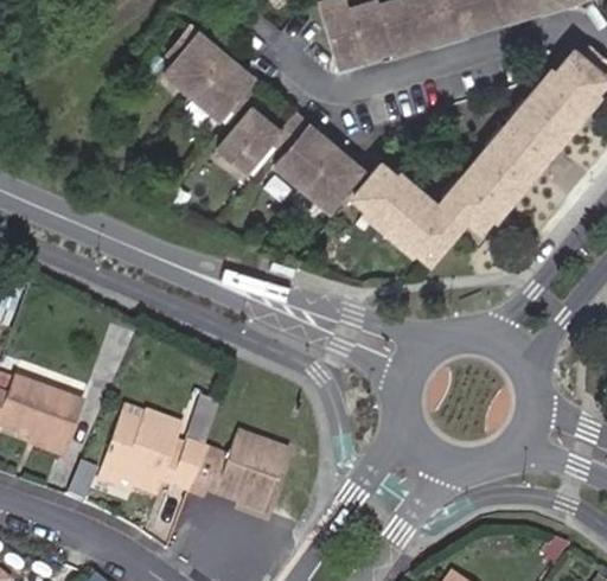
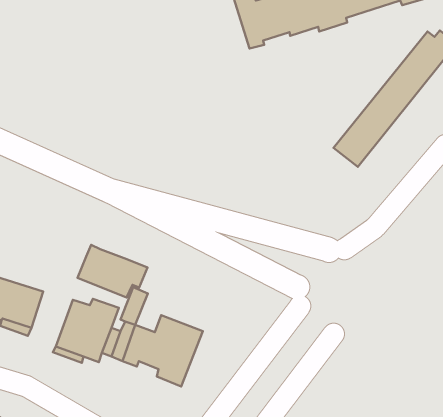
building: [168,32,262,122] -> none
building: [224,113,462,263] -> none
building: none -> [77,245,148,298]

